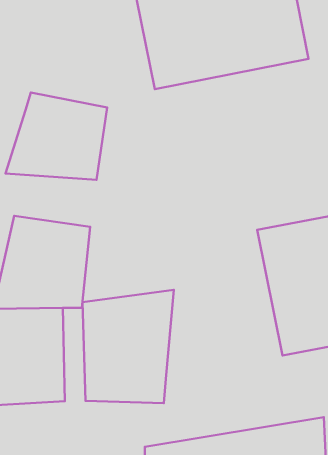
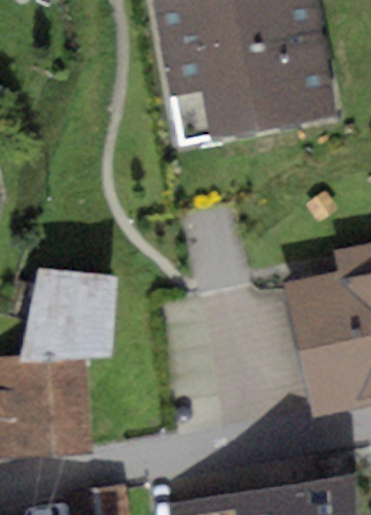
building: [6,93,107,180] -> none
building: [83,290,174,403] -> none

